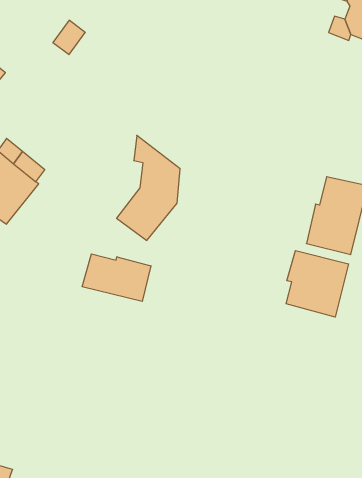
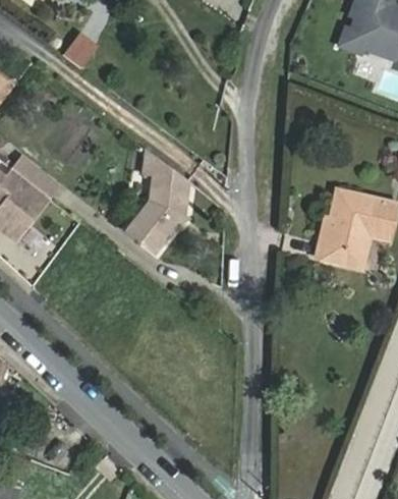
building: [286,251,349,317] -> none
building: [82,254,151,301] -> none

